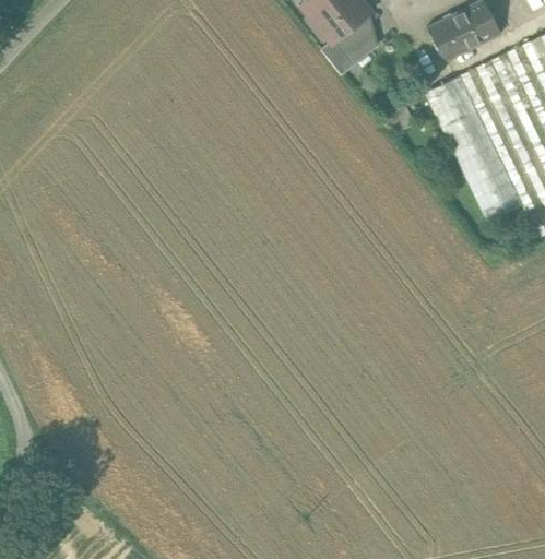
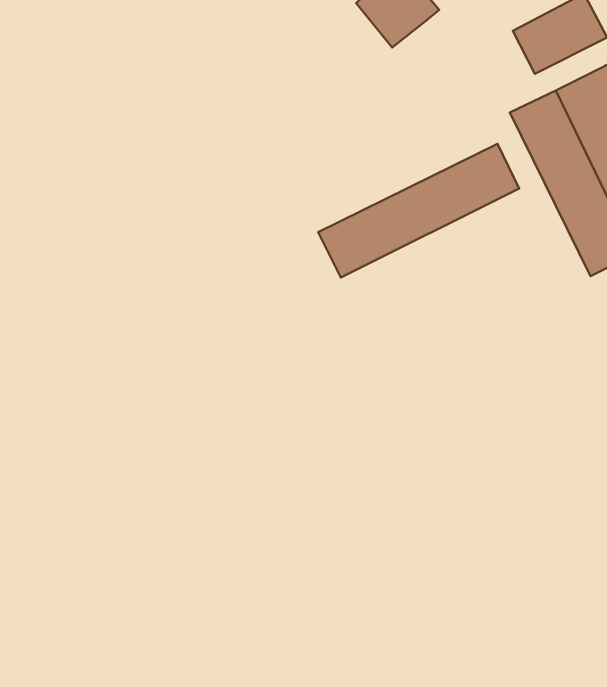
building: [322,20,380,74] -> none
building: none -> [318,144,519,277]

